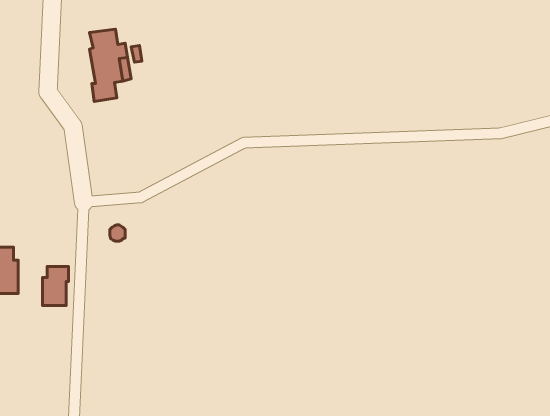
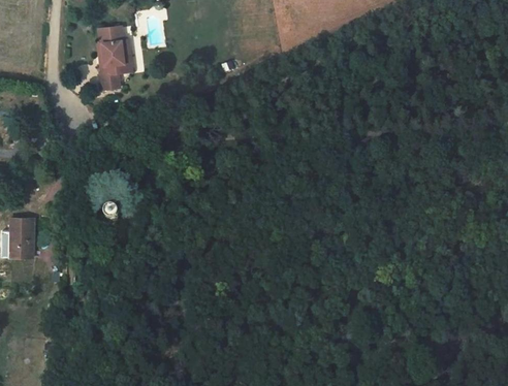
building: [43,267,68,305] -> none

